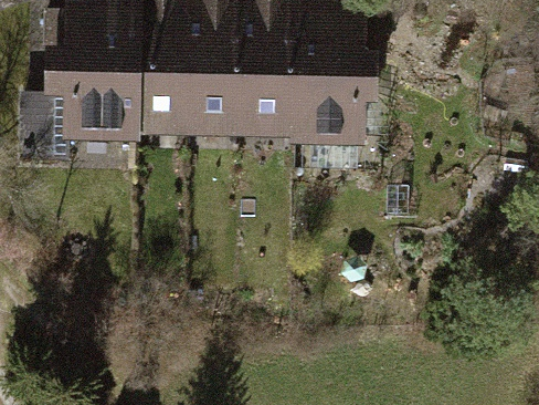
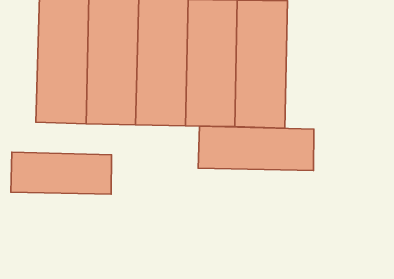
building: none -> [198,126,314,170]
building: none -> [11,152,112,194]

